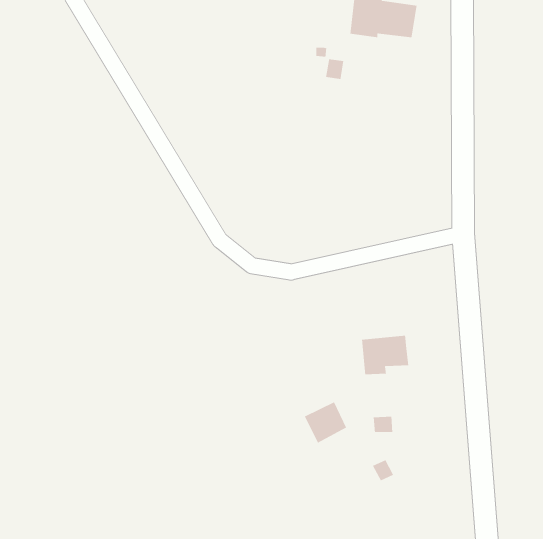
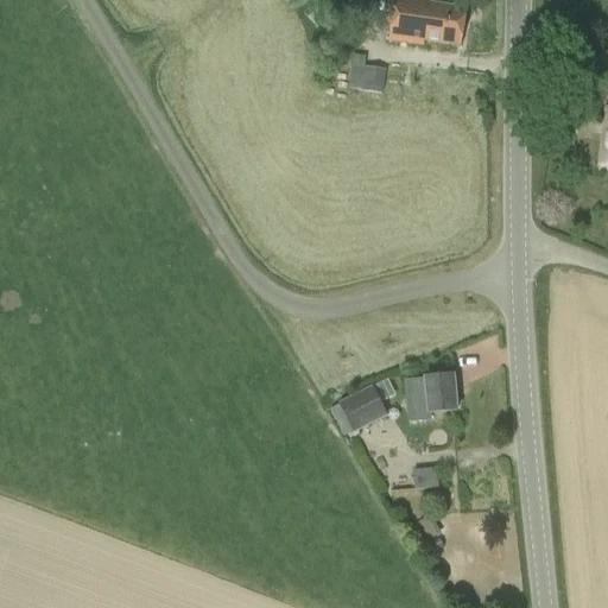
building: [304,401,347,444] -> [338,384,387,431]

